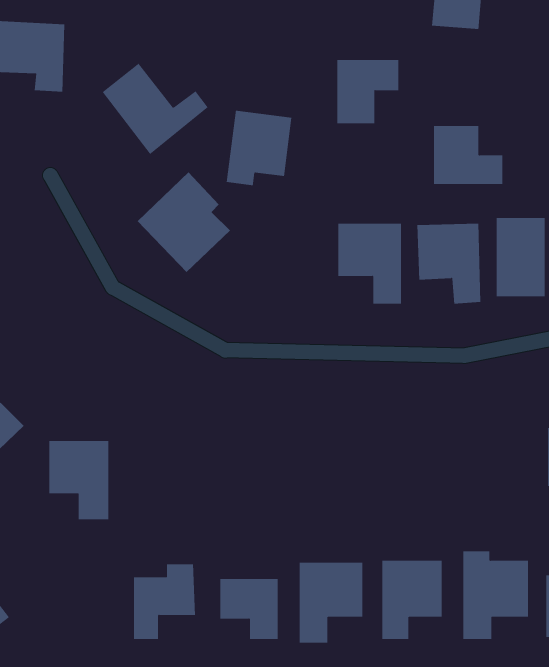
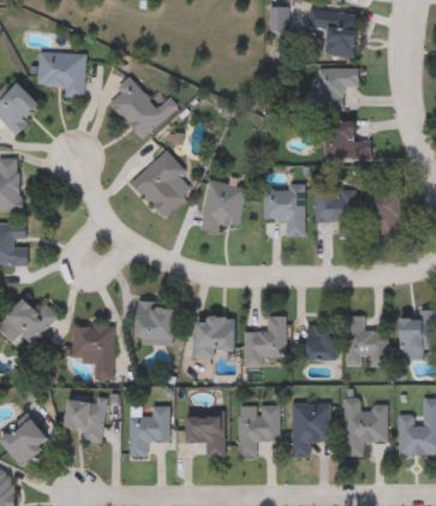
building: [337,59,399,124] -> [318,67,359,109]
building: [226,110,292,186] -> [202,183,245,232]
building: none -> [135,300,177,344]
building: none -> [195,316,234,357]
building: none -> [244,316,286,367]
building: none -> [346,316,388,364]
building: none -> [303,325,336,359]
building: none -> [66,395,104,441]

